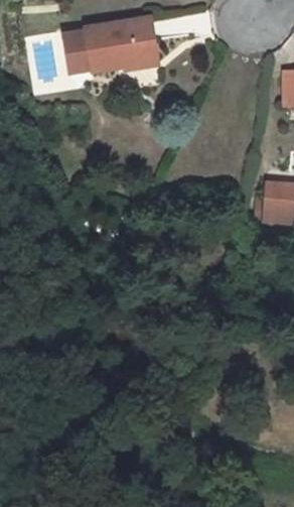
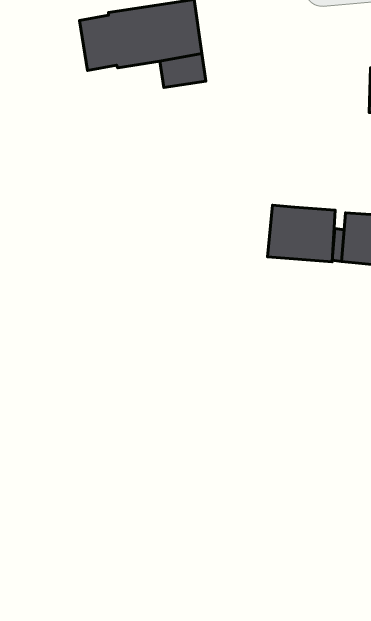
building: none -> [268,205,335,262]

